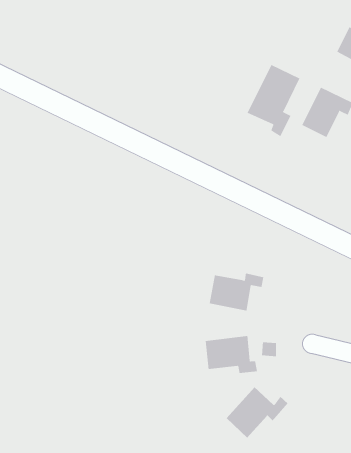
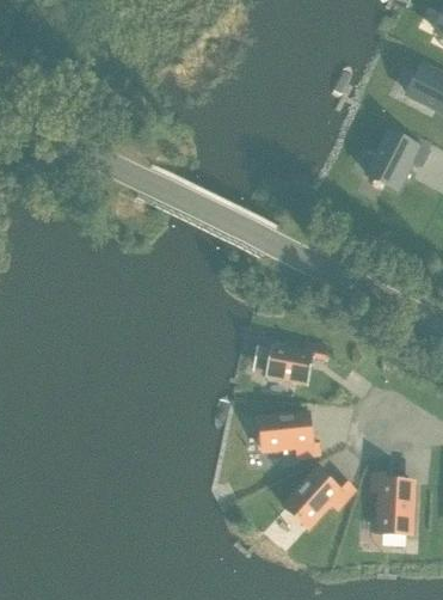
building: [247,64,300,137] -> none
building: none -> [371,472,412,529]

